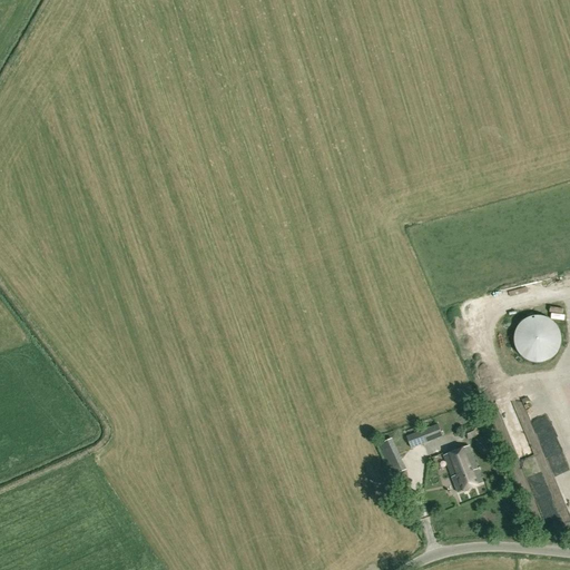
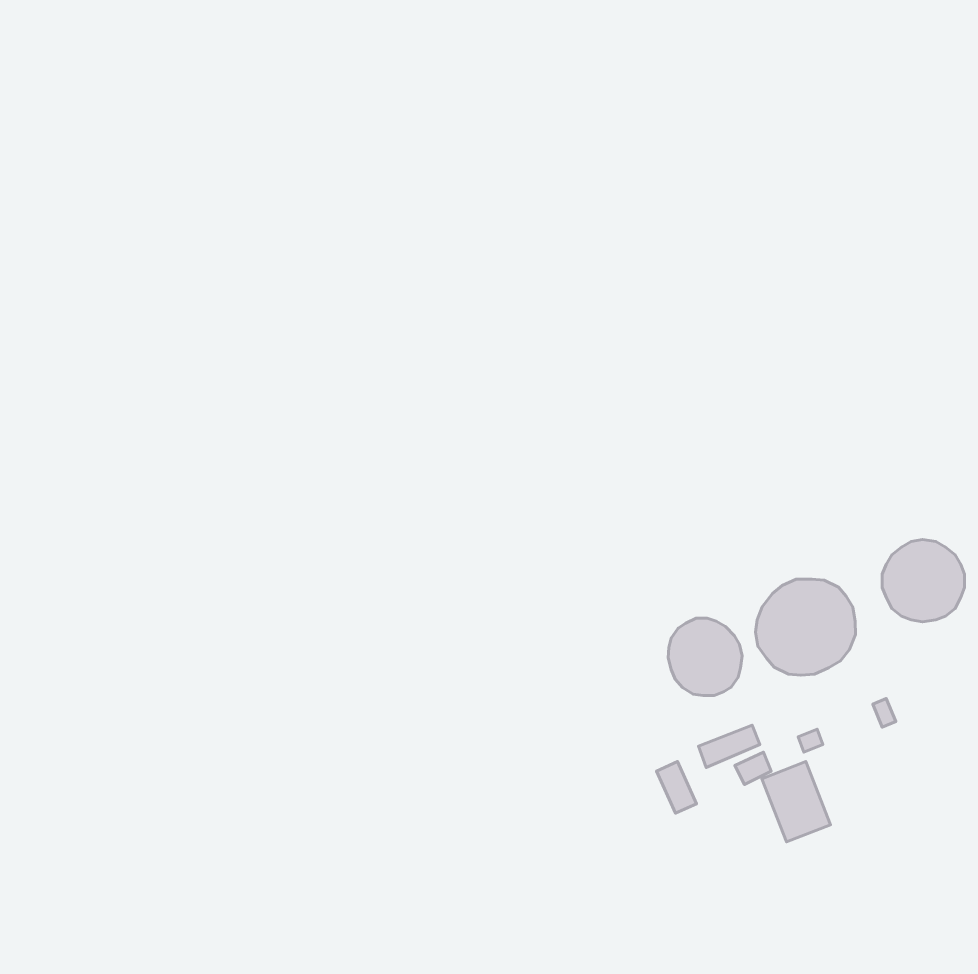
building: none -> [756,579,856,675]
building: none -> [668,618,742,696]

